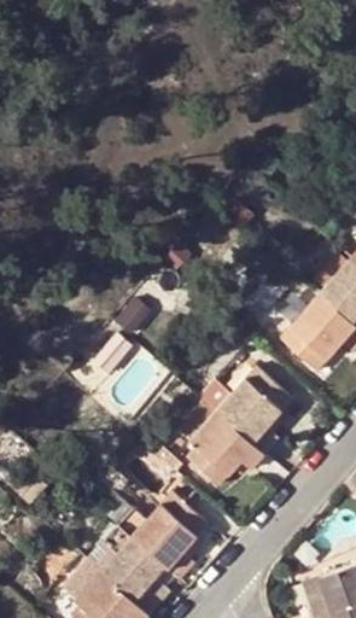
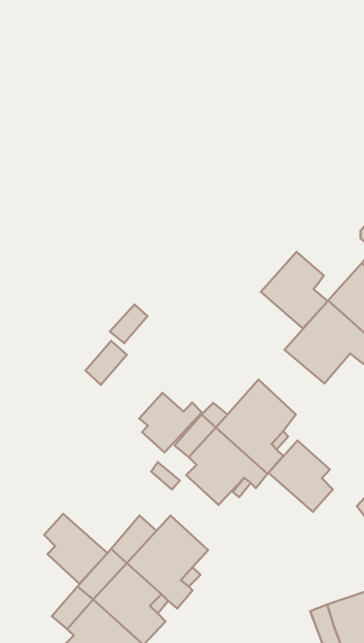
building: none -> [261,252,328,329]
building: none -> [139,393,202,452]
building: none -> [269,441,333,512]
building: none -> [44,514,107,584]

